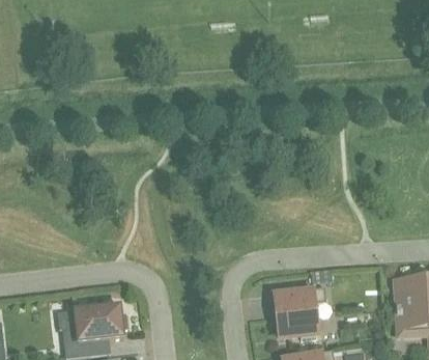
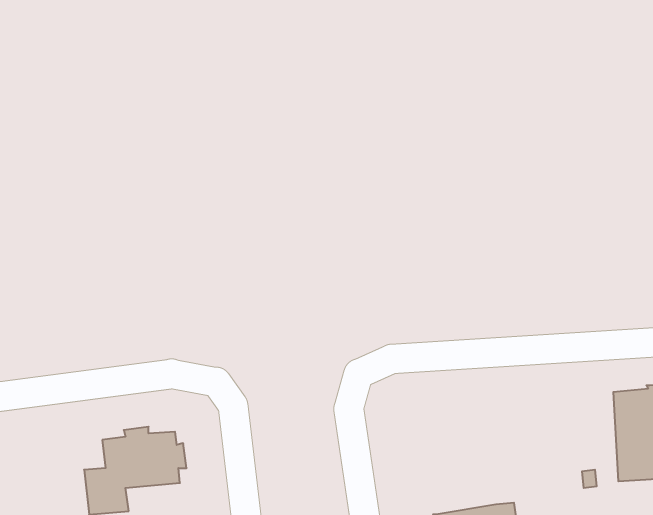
building: [273,285,325,336] -> none

